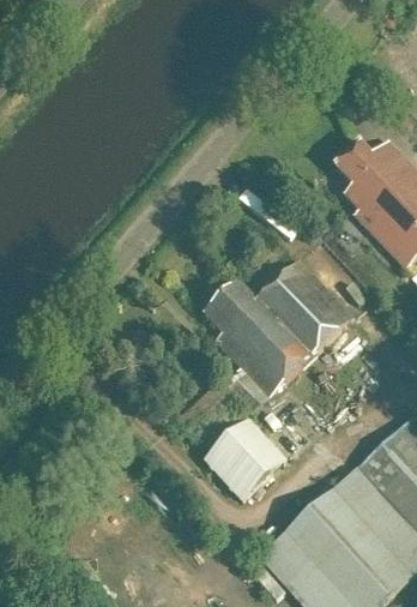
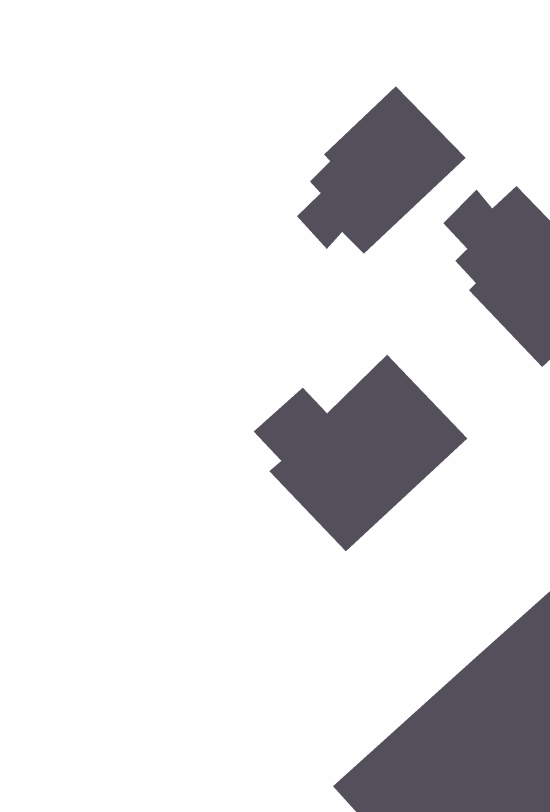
building: none -> [296,85,466,255]
building: [203,420,282,499] -> none

